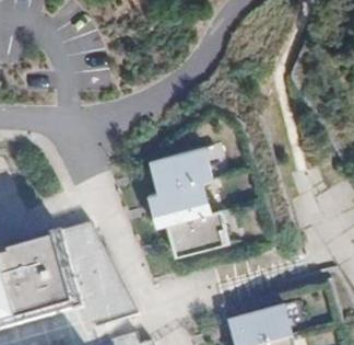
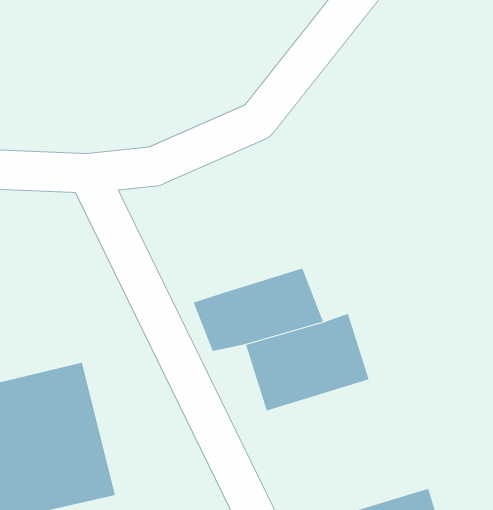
building: [140,134,221,189] -> none

